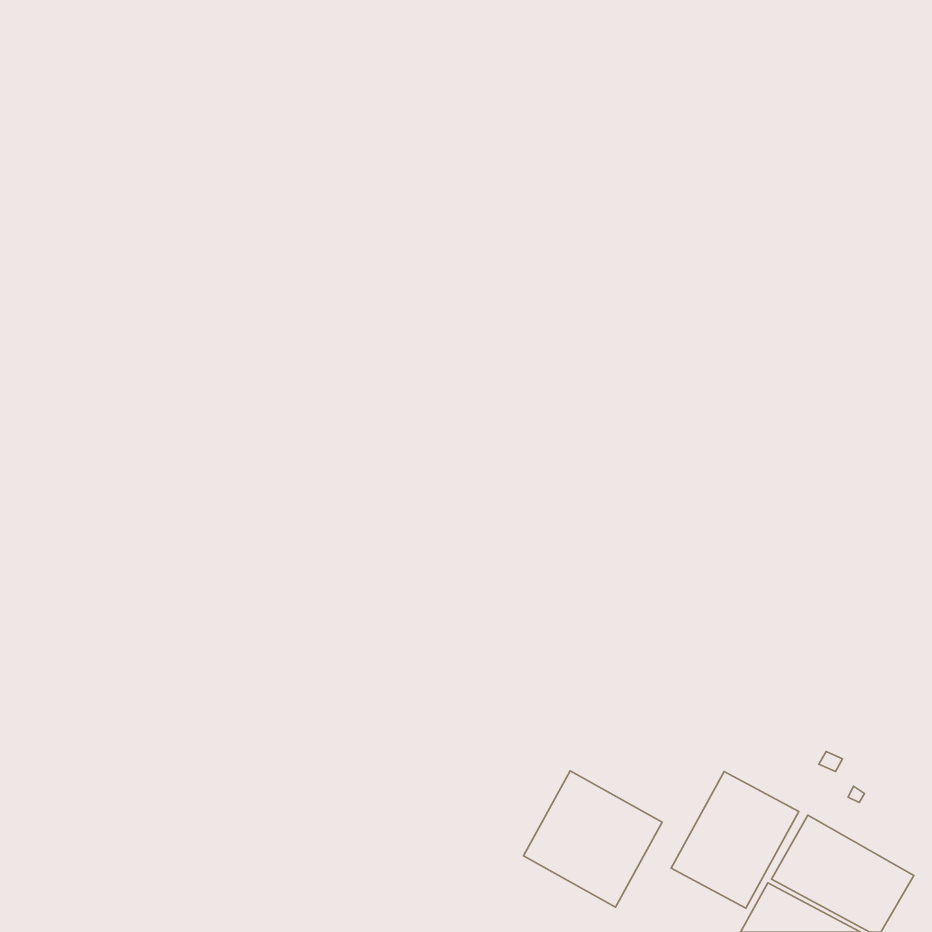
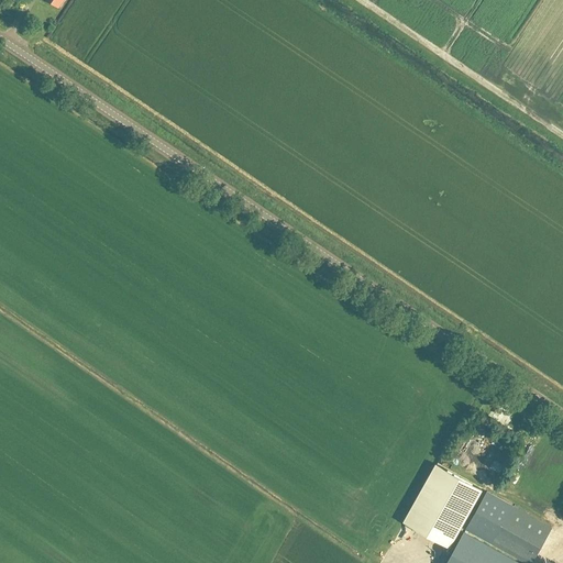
building: [524,771,662,907] -> none

